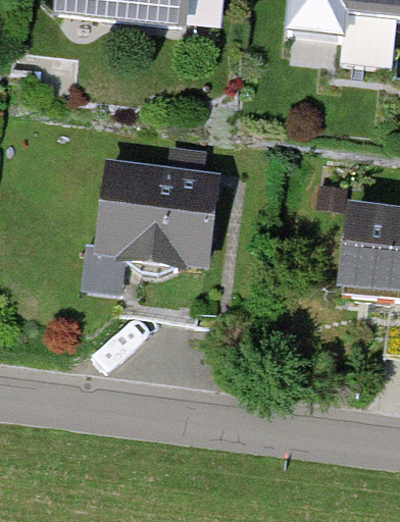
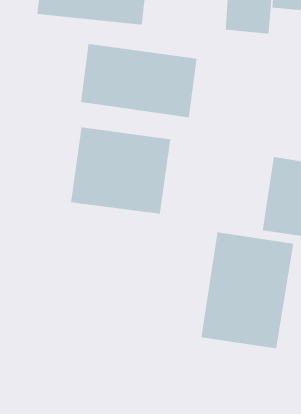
building: none -> [80,43,197,118]
building: none -> [200,232,294,349]

